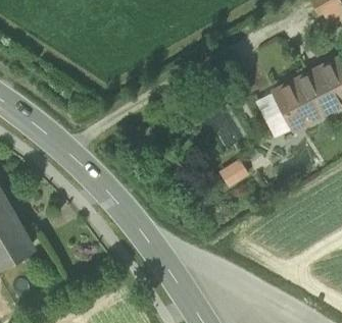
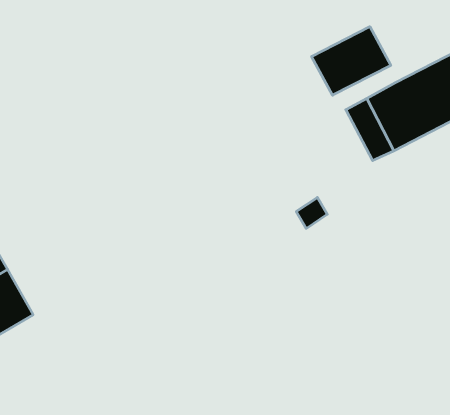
building: none -> [312,27,391,95]

